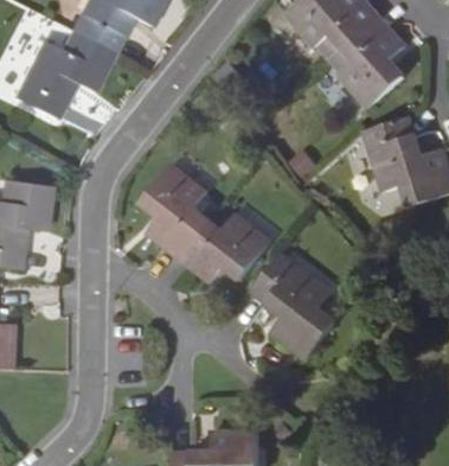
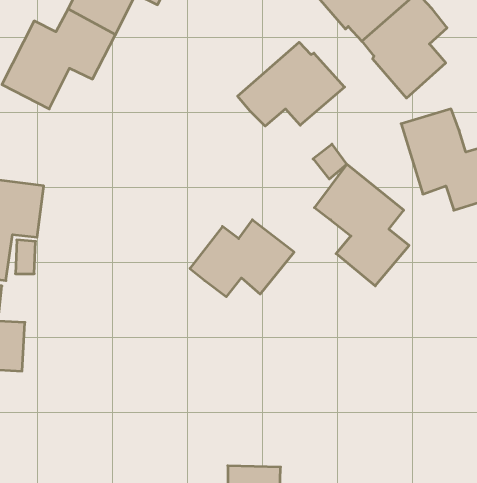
building: none -> [238,42,345,126]
building: [142,166,207,257] -> none
building: [251,253,334,359] -> [314,164,409,286]

